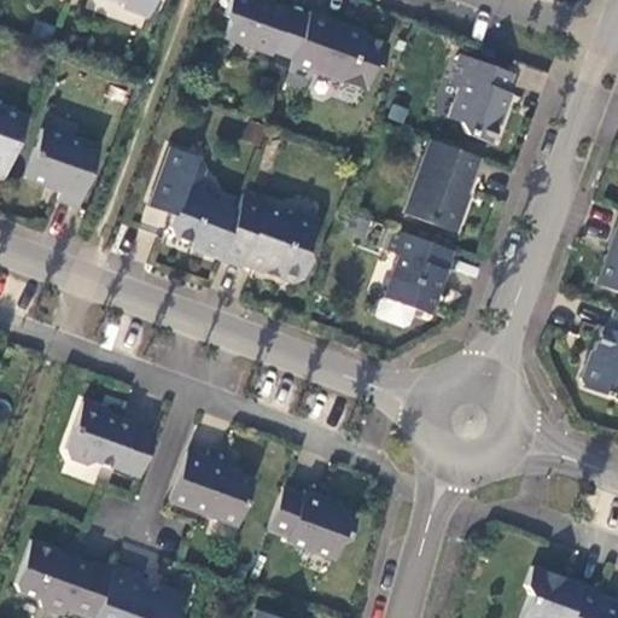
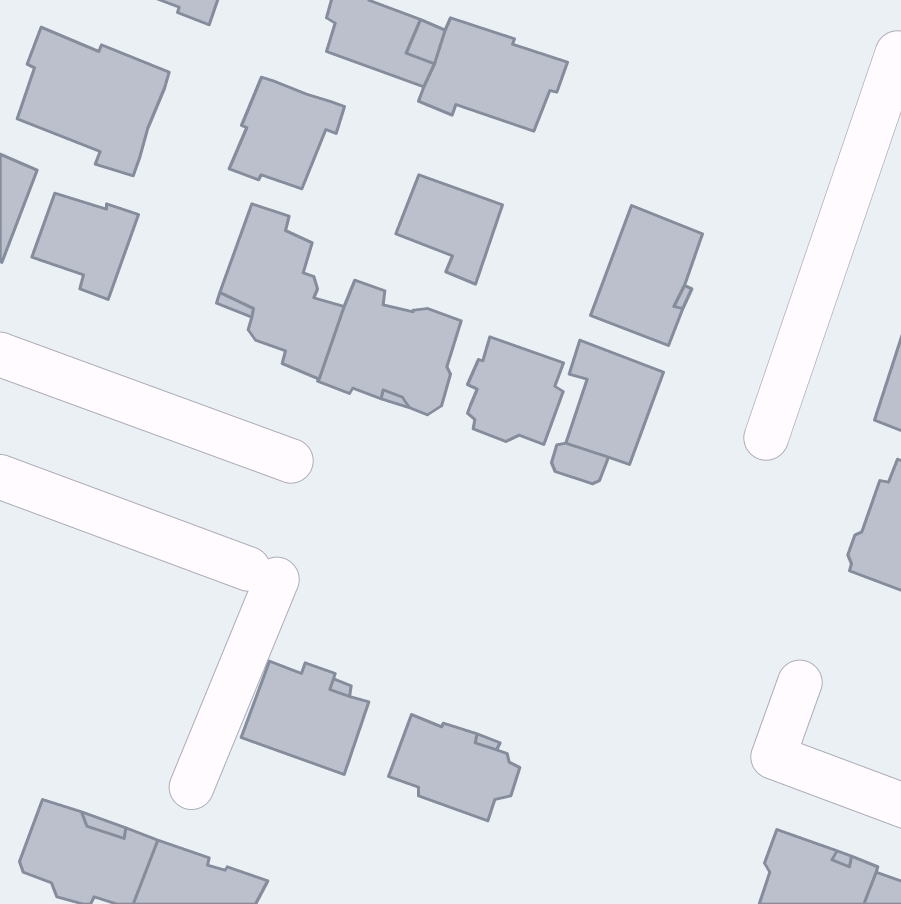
building: none -> [17,27,169,176]
building: none -> [229,77,345,189]
building: [453,57,519,145] -> none
building: none -> [396,175,502,284]
building: none -> [467,337,563,445]
building: [66,397,154,474] -> none

